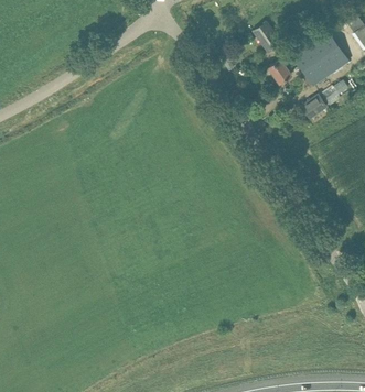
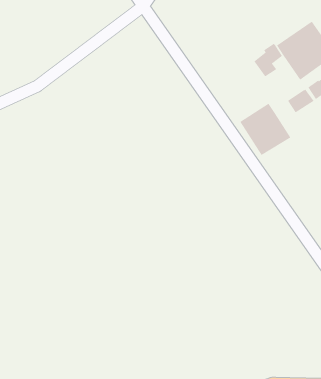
building: [253,21,282,53] -> none
building: none -> [240,103,291,156]

